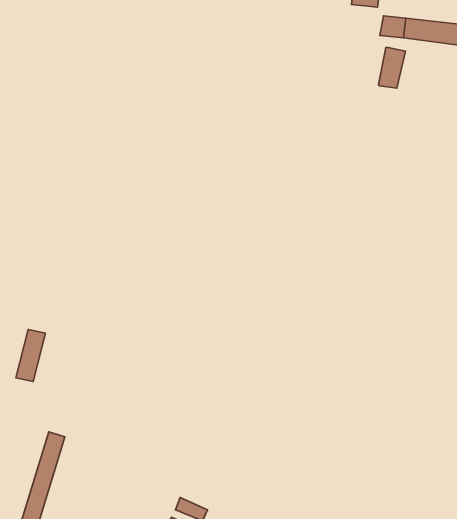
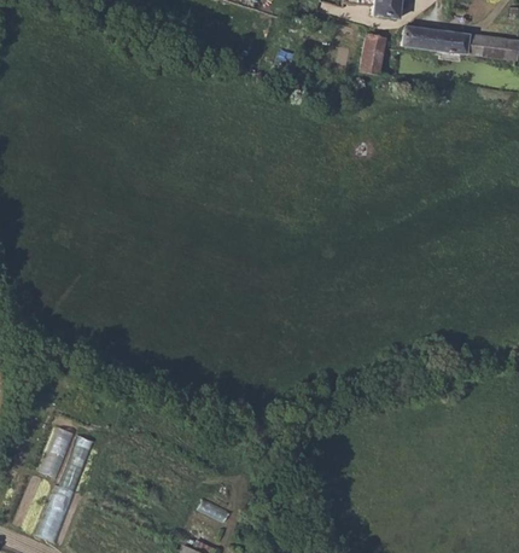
building: [378,47,406,88] -> [360,34,386,74]
building: [16,330,46,382] -> [45,425,74,476]

